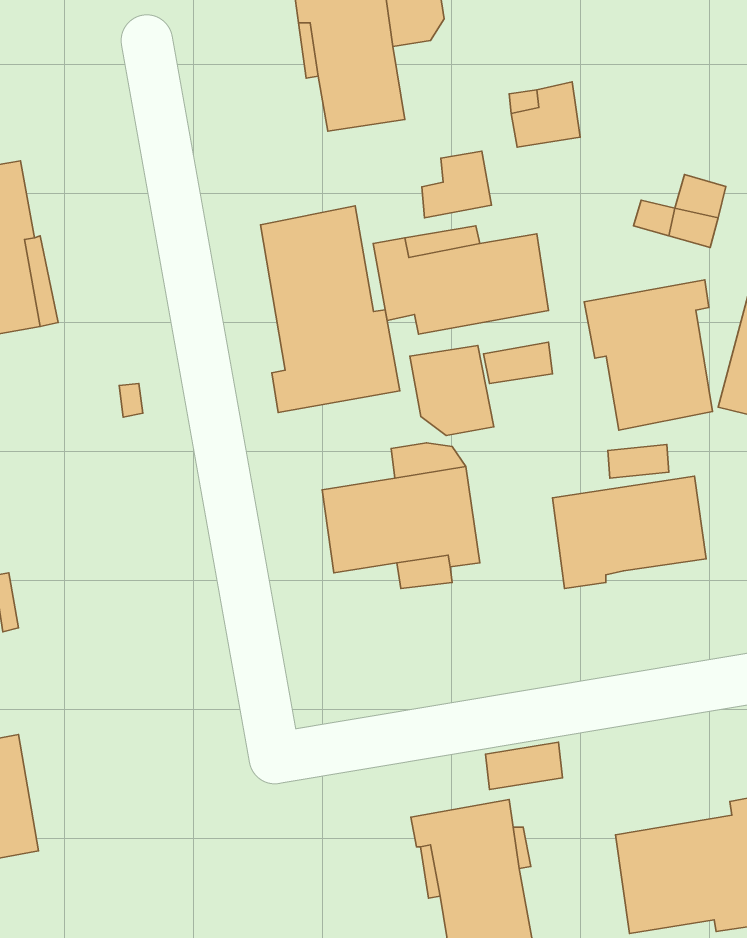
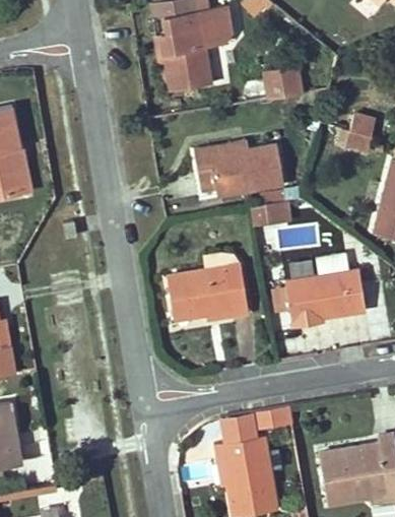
building: [422,151,492,218] -> none
building: [261,206,400,413] -> none
building: [584,280,713,430] -> none
building: [410,346,494,435] -> none

